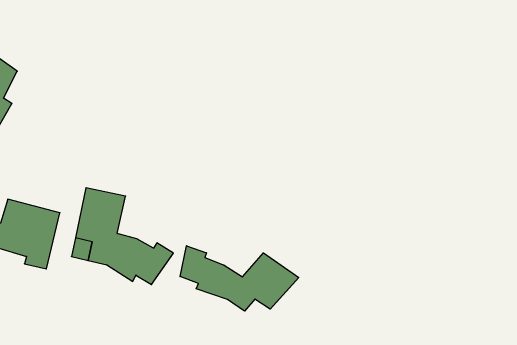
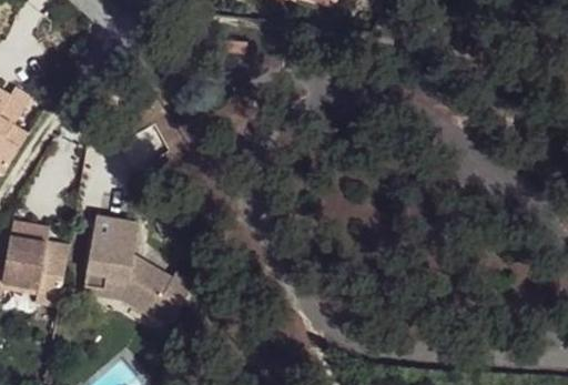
building: [180,246,299,311] -> none

